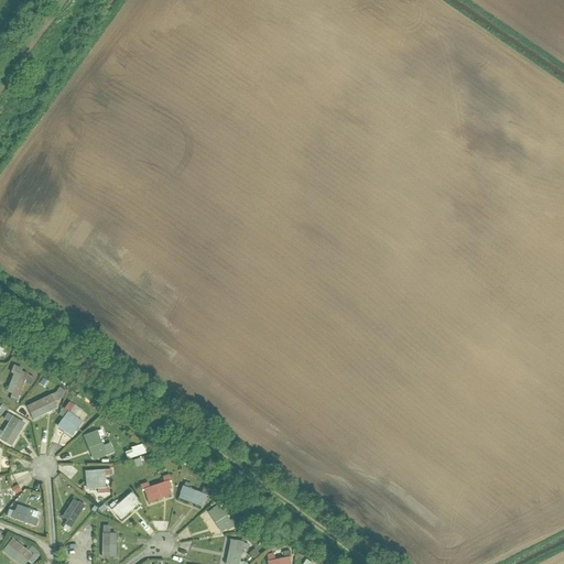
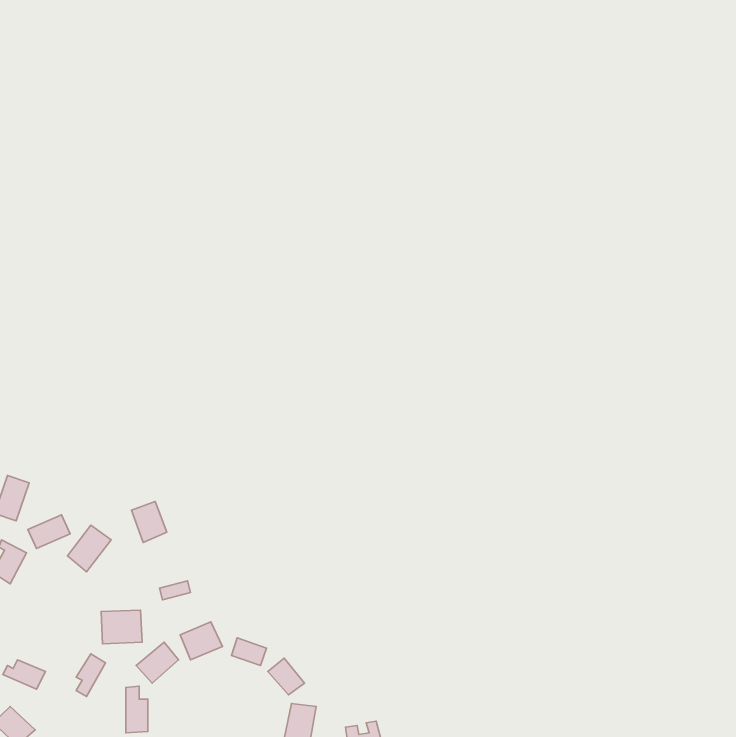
building: [84,430,110,460] -> [132,501,167,542]

